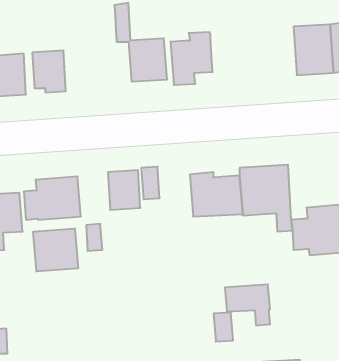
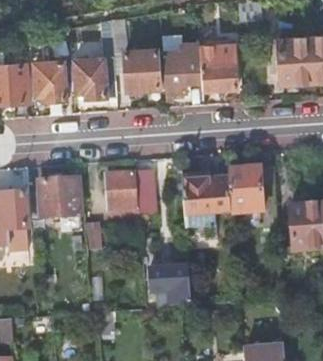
building: none -> [201,43,238,88]
building: none -> [75,57,116,97]
building: [33,228,78,272] -> none
building: [225,284,270,325] -> [148,266,190,304]

